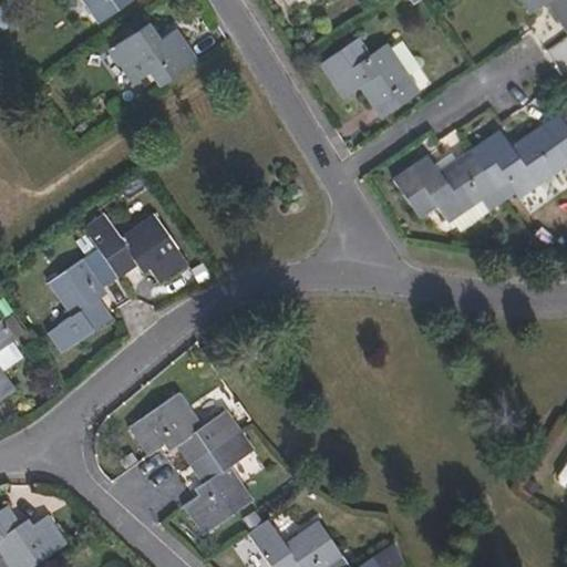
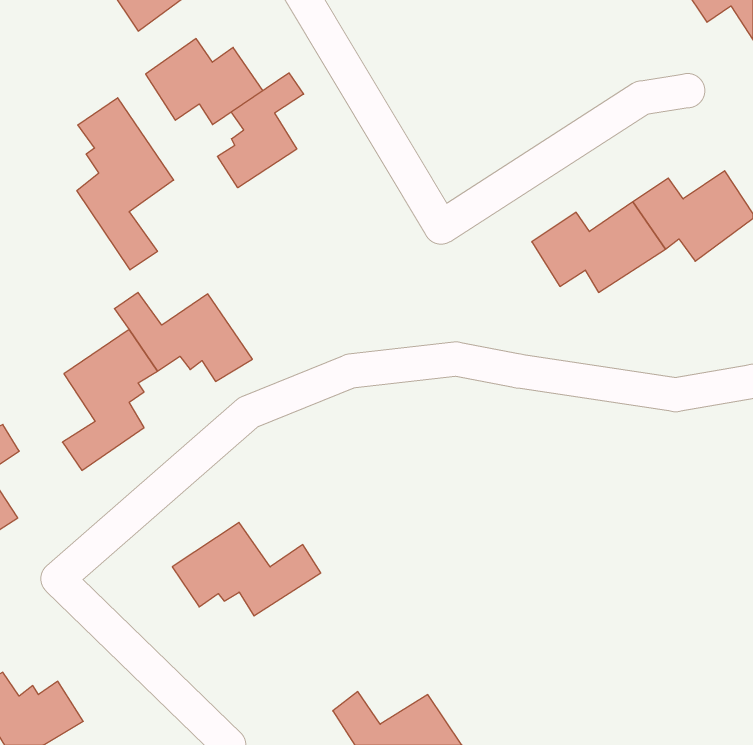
building: [326,43,419,120] -> none
building: none -> [217,73,304,188]
building: none -> [77,98,174,270]
building: [184,427,254,532] -> none

